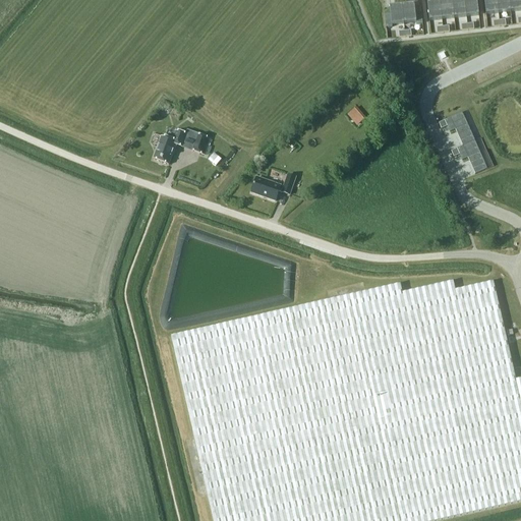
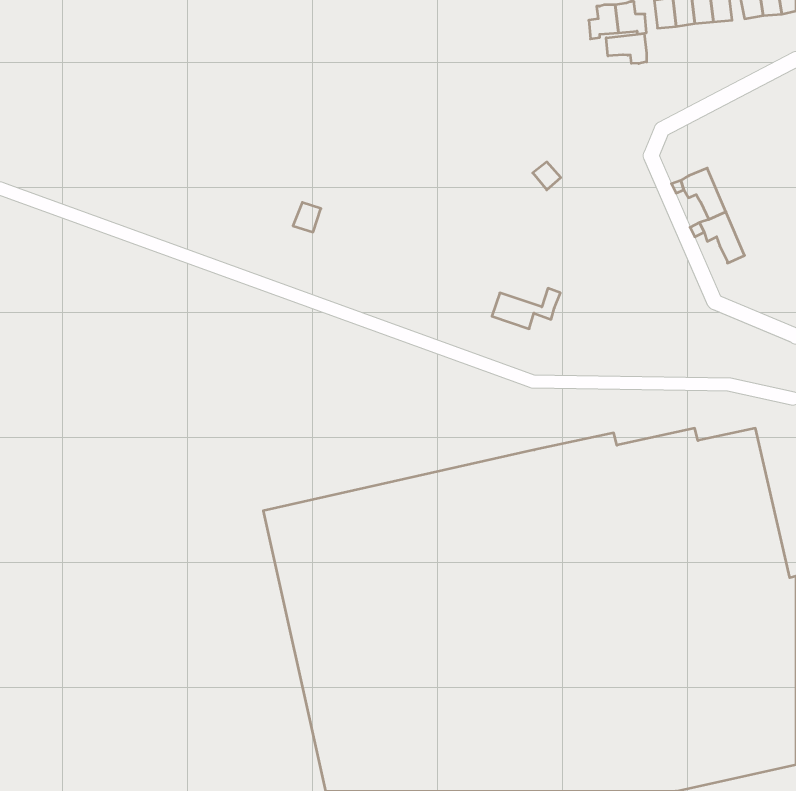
building: none -> [606,33,647,64]
building: [154,128,187,163] -> none
building: [251,172,296,198] -> [492,288,560,329]

